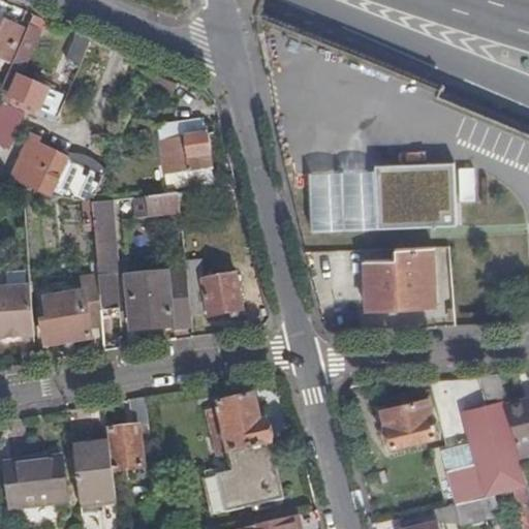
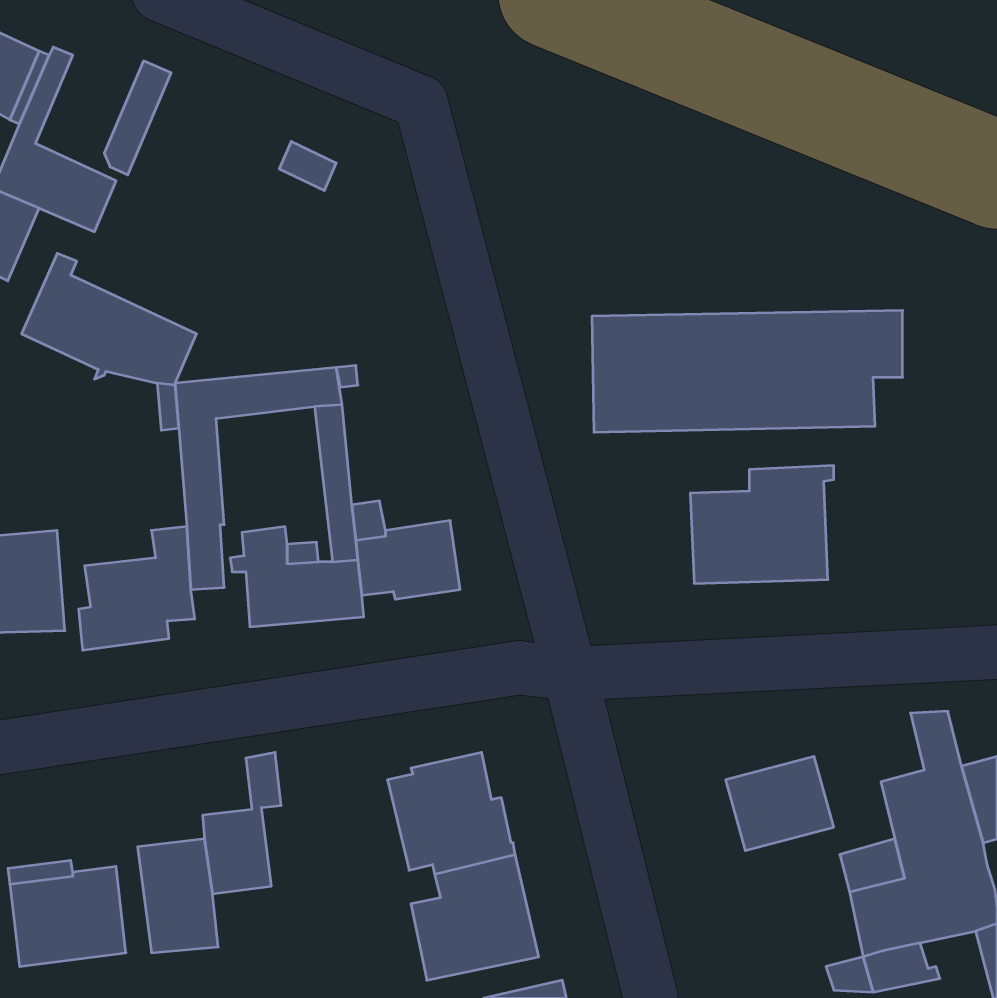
building: [159,123,213,189] -> none

